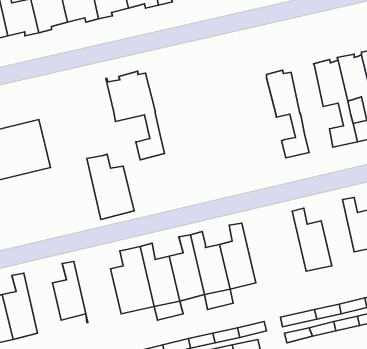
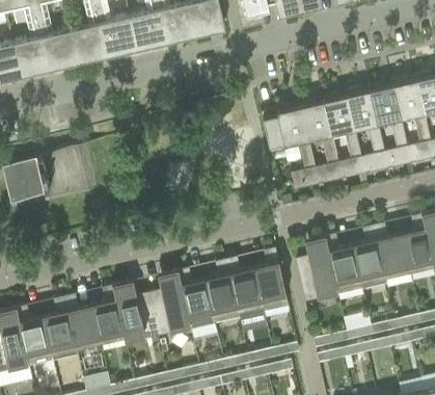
building: none -> [324,93,365,178]
building: [106,71,165,160] -> [263,103,320,189]
building: [87,154,134,220] -> [114,280,160,343]
building: none -> [354,223,388,288]
building: none -> [296,235,339,301]
building: none -> [65,292,102,353]

